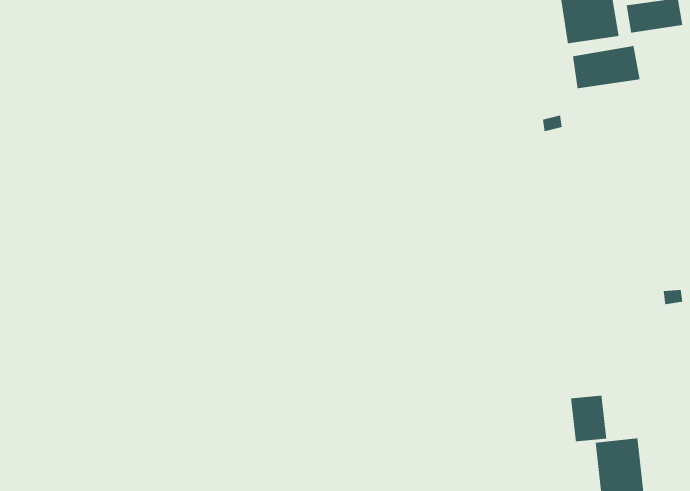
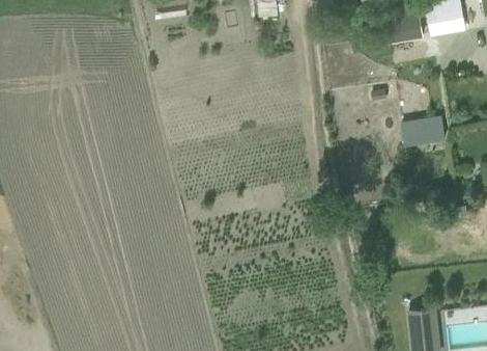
building: [572,45,640,89] -> [401,116,447,145]
building: [571,395,607,442] -> none

